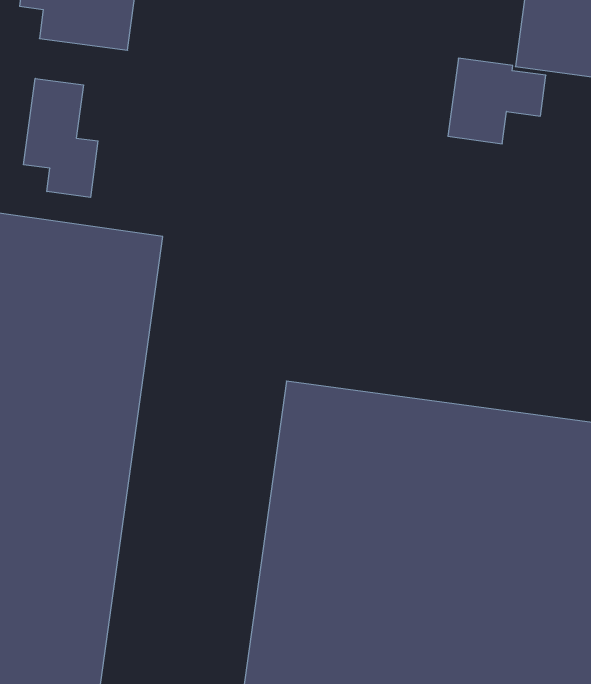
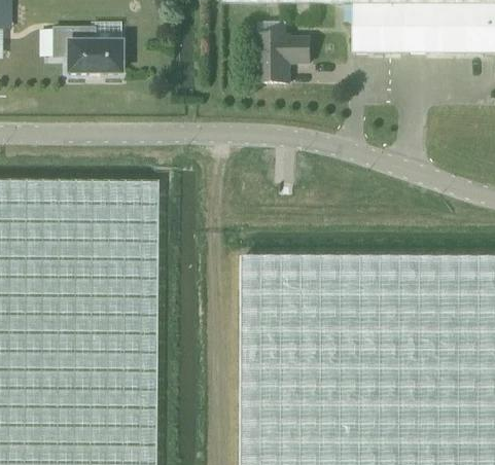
building: [448,58,546,144] -> [255,33,309,80]
building: [24,78,98,197] -> none

